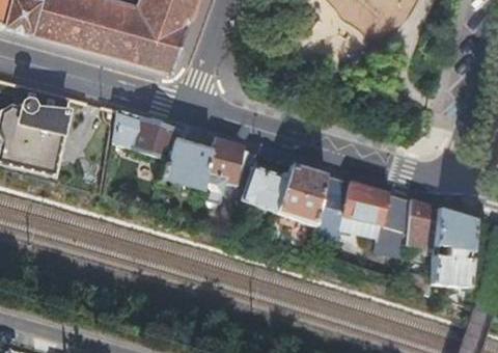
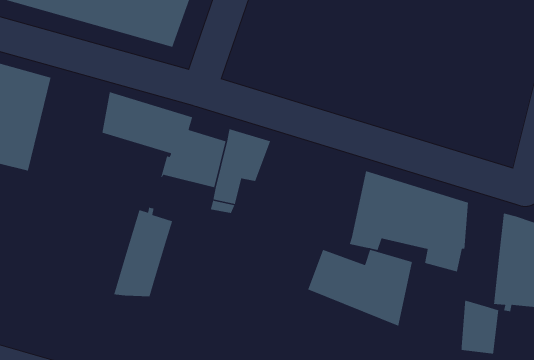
building: [240,163,326,226] -> [307,249,413,327]
building: [407,199,438,244] -> [461,300,499,354]
building: none -> [113,207,173,297]

